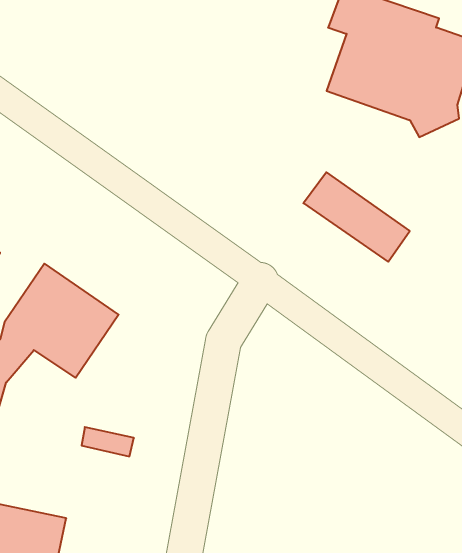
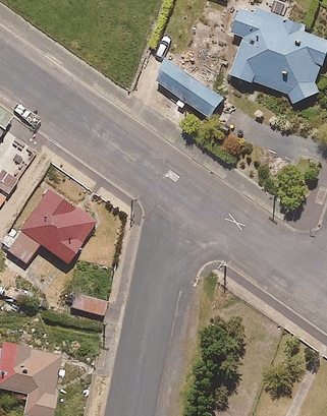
building: [303,172,410,262] -> [156,59,226,118]

